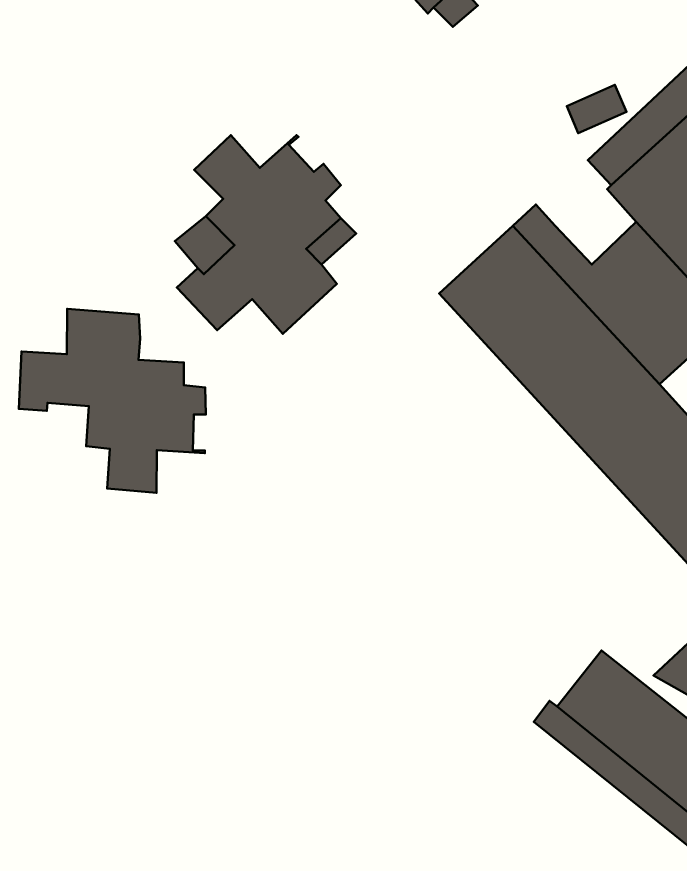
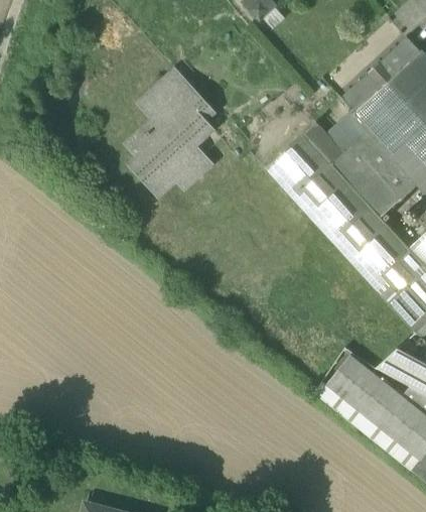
building: none -> [157,69,191,103]
building: none -> [326,111,369,153]
building: [19,309,206,493] -> none

